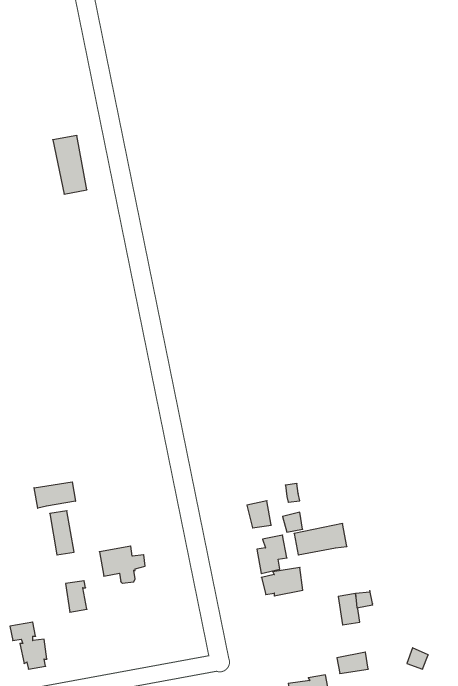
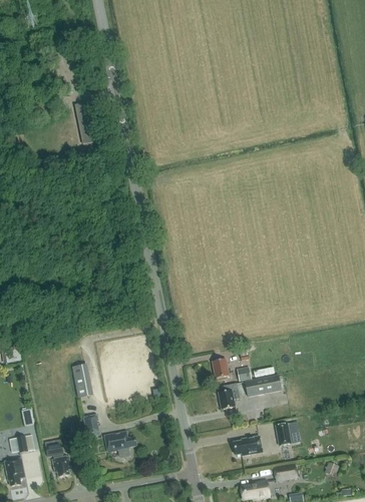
building: [34,482,75,508] -> none
building: [99,546,145,583] -> [104,431,136,457]
building: [261,567,303,596] -> [233,436,262,456]

